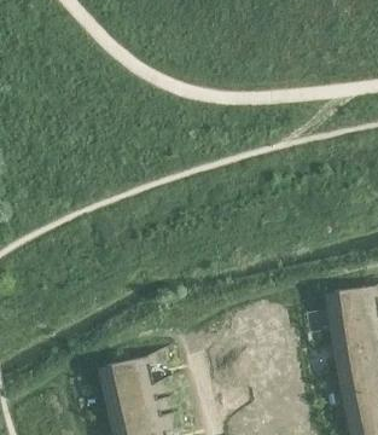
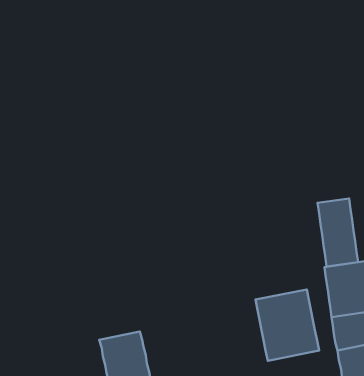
building: none -> [317,199,358,267]
building: none -> [255,290,319,361]

